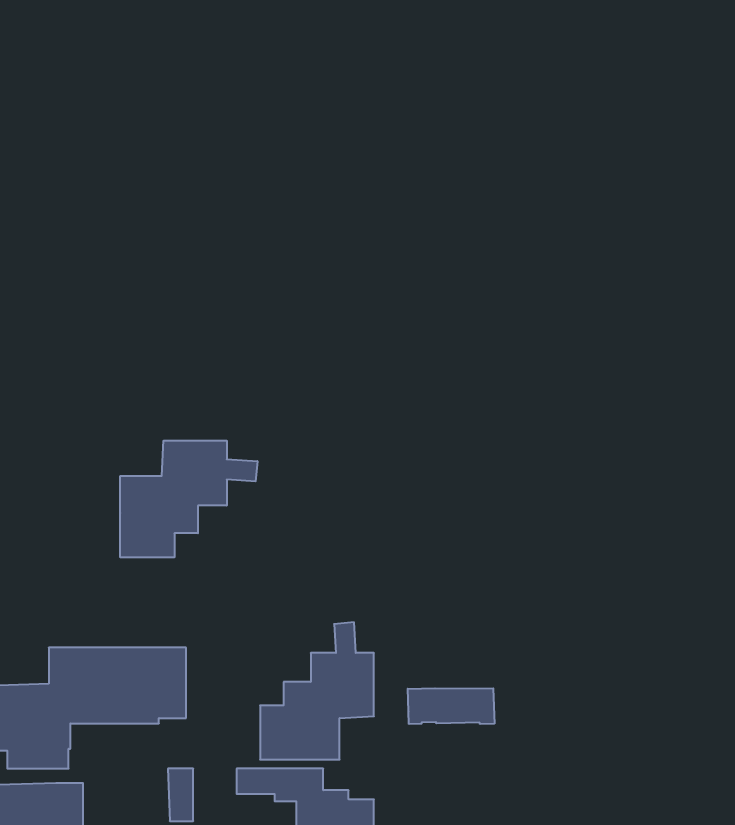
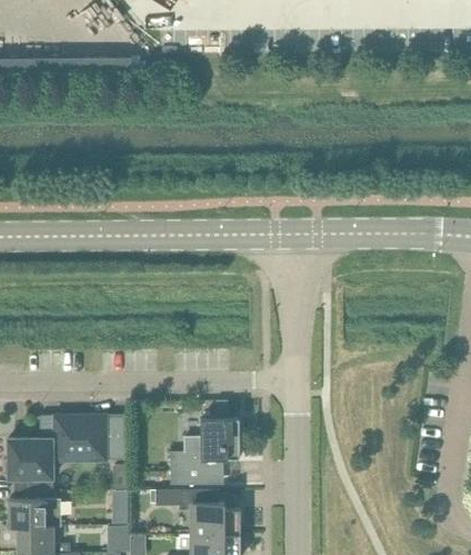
building: [120,441,257,557] -> none
building: [408,688,494,724] -> none

